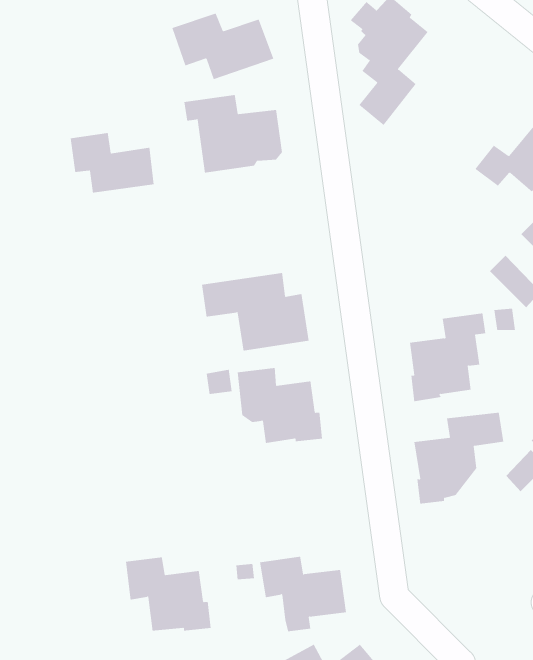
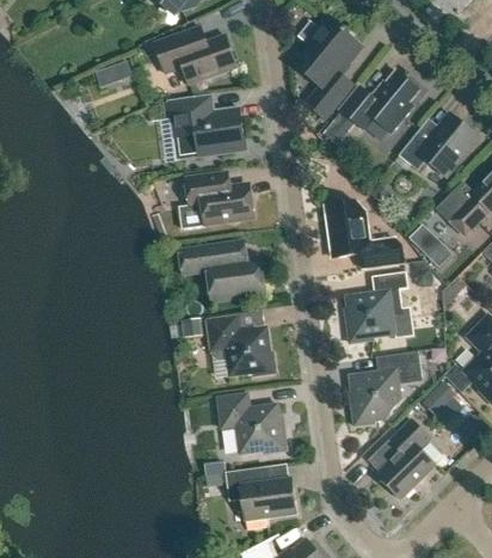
building: none -> [322,70,419,145]
building: [70,132,155,193] -> [185,173,253,222]
building: none -> [325,201,404,268]
building: none -> [376,418,435,498]
building: [125,557,211,631] -> [217,393,287,453]

